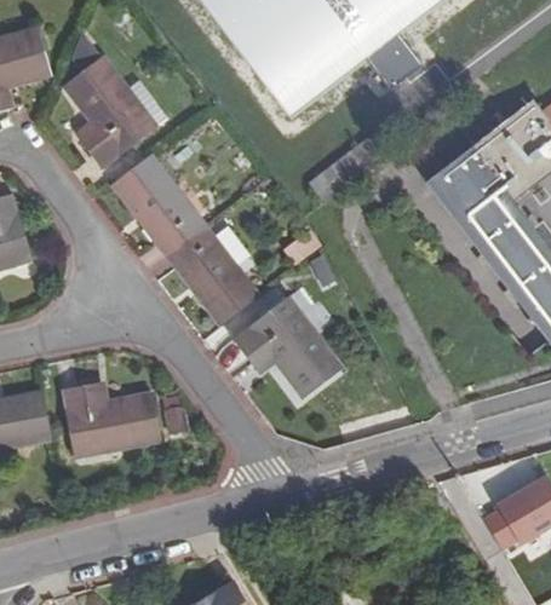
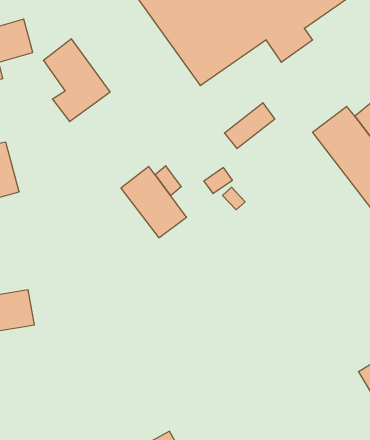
building: [113,154,206,255] -> none
building: [233,296,340,394] -> none
building: [61,381,161,455] -> none

